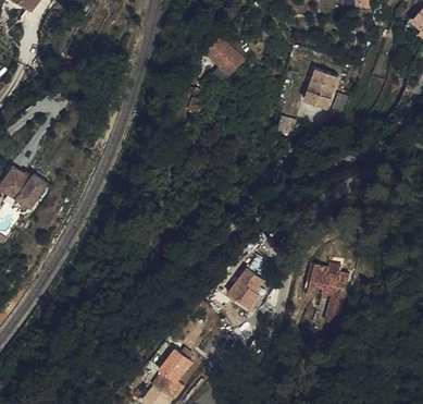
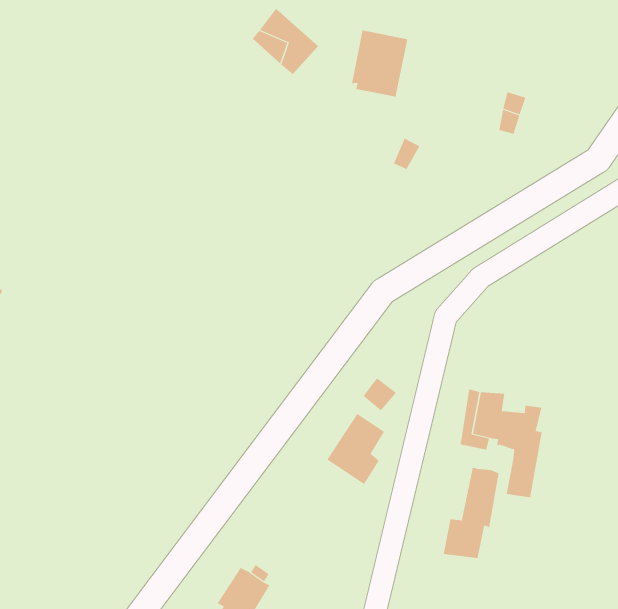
building: [310,70,345,110] -> [351,30,408,97]
building: none -> [443,467,499,559]

